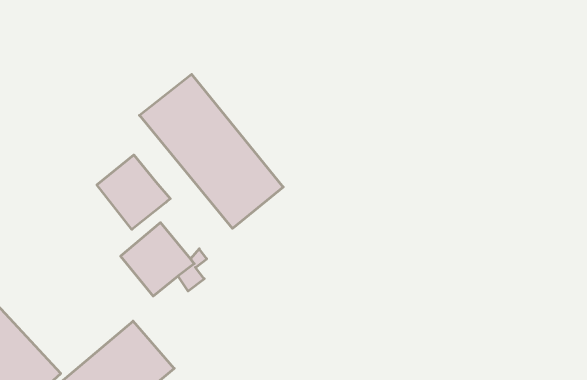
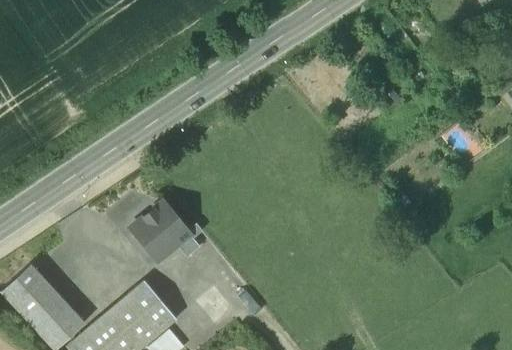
building: [139,74,283,228] -> none
building: [97,155,170,229] -> none

